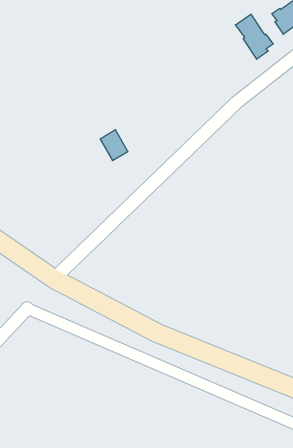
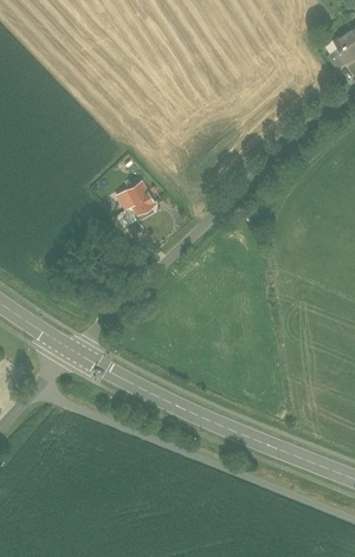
building: [235,14,273,59] -> none

